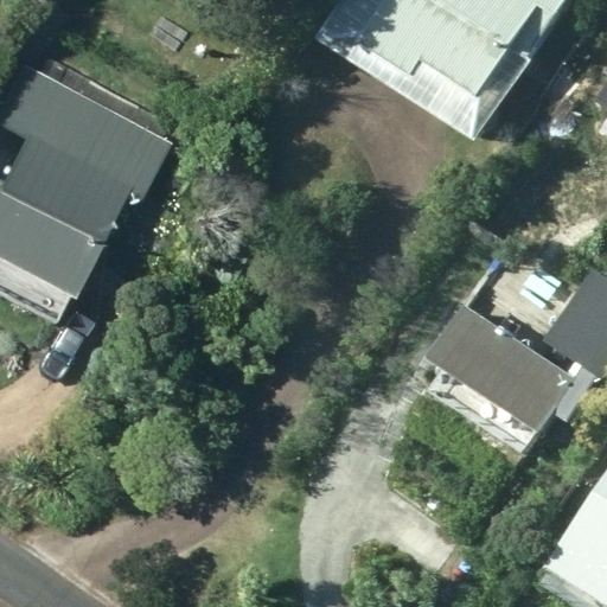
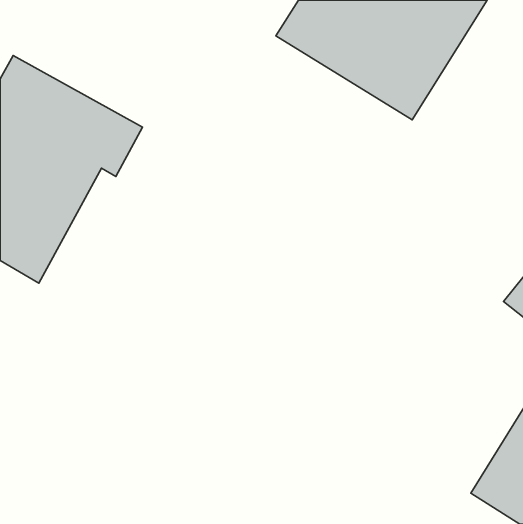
building: [436,304,576,435] -> none

